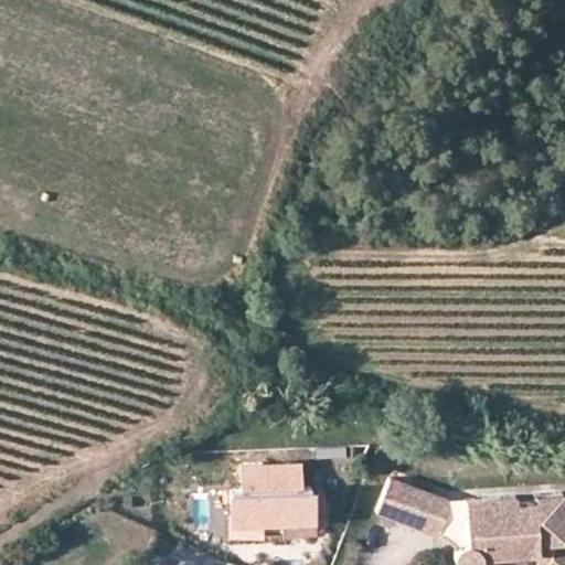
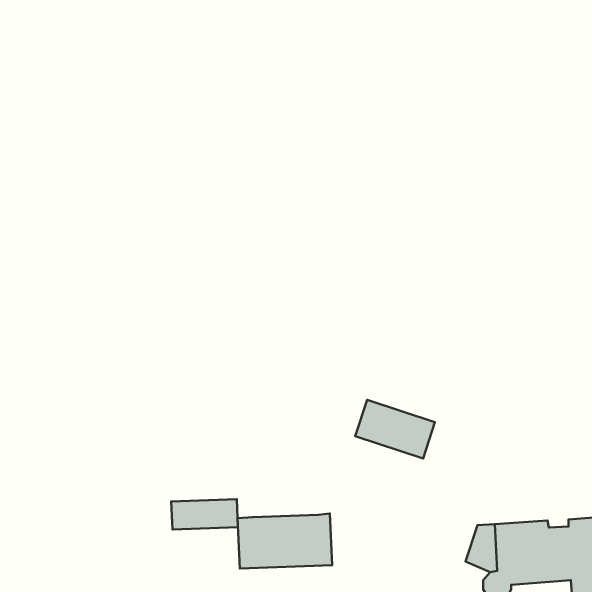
building: [243,465,306,493] -> [171,499,238,530]
building: [381,480,456,535] -> [355,400,435,458]

